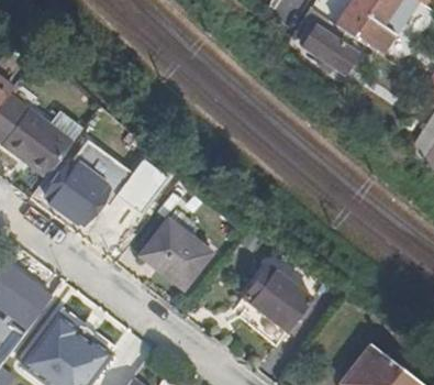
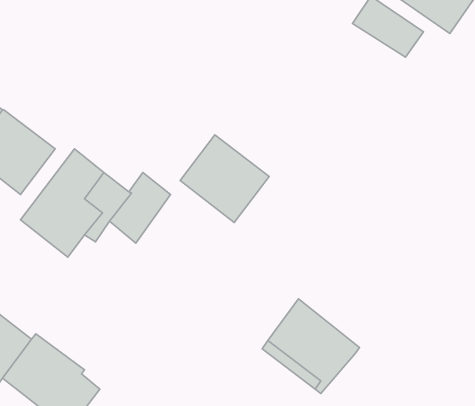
building: [141,216,211,285] -> [180,135,269,222]

